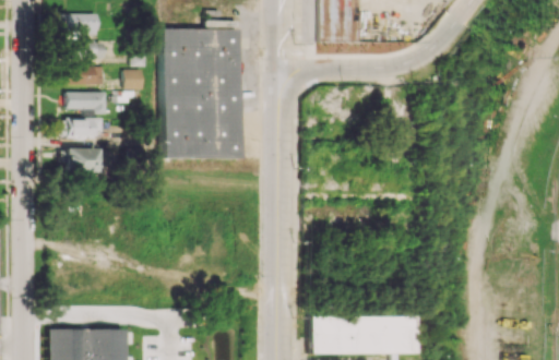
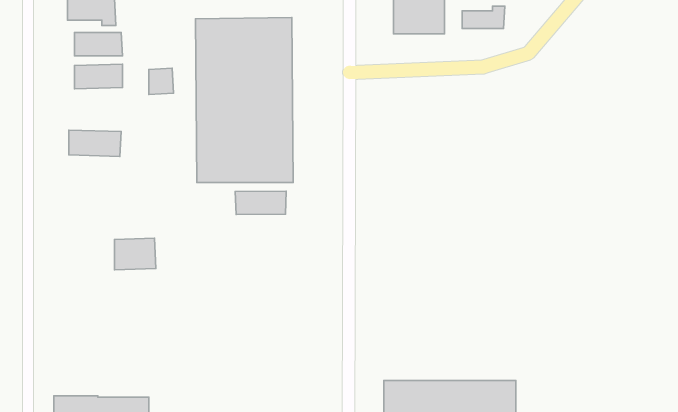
building: none -> [462,6,505,29]
building: [67,92,107,115] -> none
building: [67,147,99,172] -> [115,238,156,270]
building: none -> [235,191,286,214]

